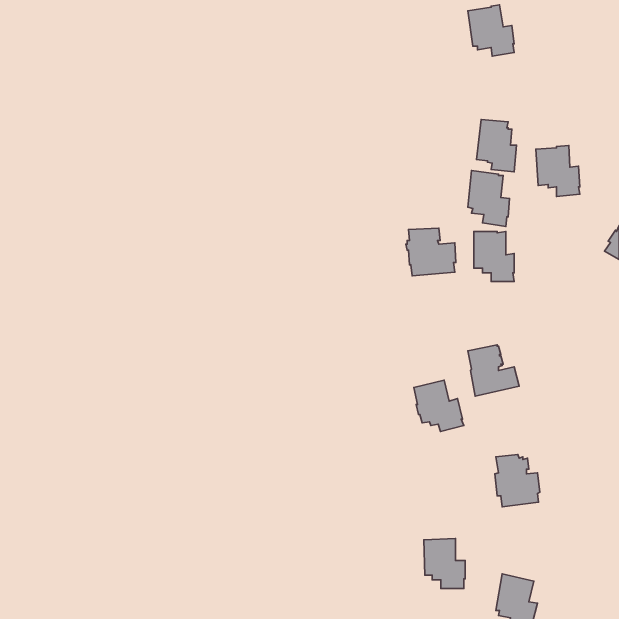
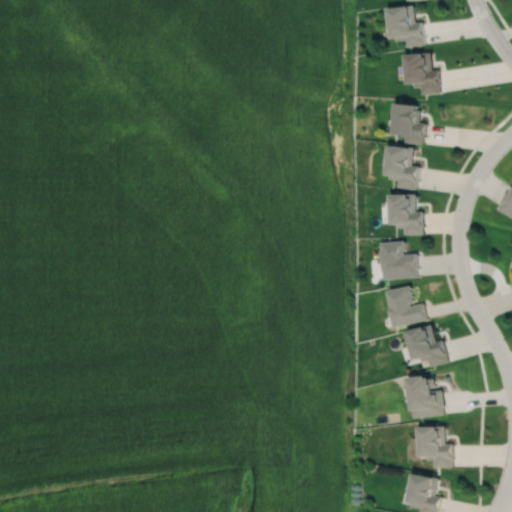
building: [536,145,580,197] -> [402,55,438,97]
building: [406,228,456,276] -> [376,241,417,280]
building: [414,380,464,431] -> [406,325,447,367]
building: [424,539,465,588] -> [418,427,452,468]

